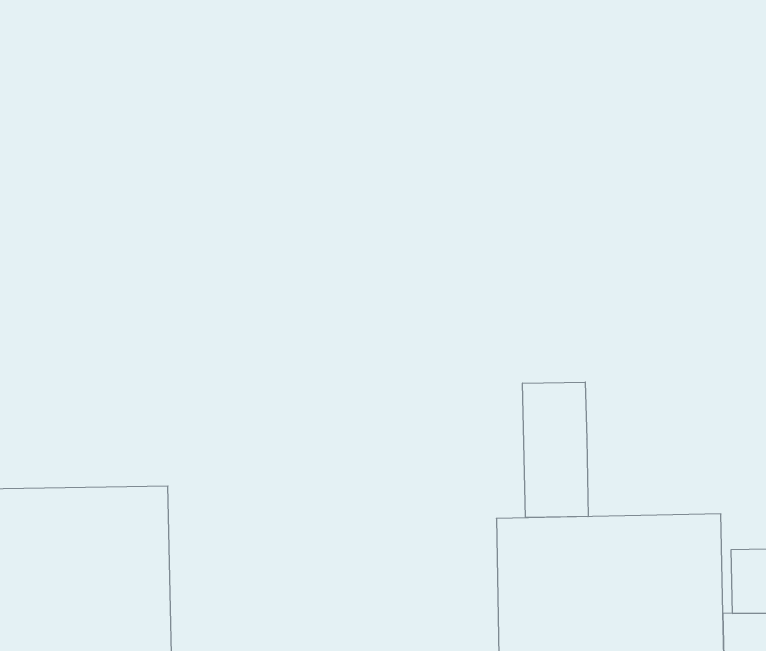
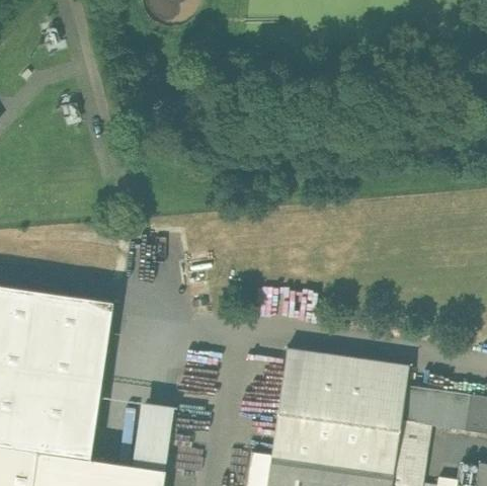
building: [523,382,588,517] -> none

